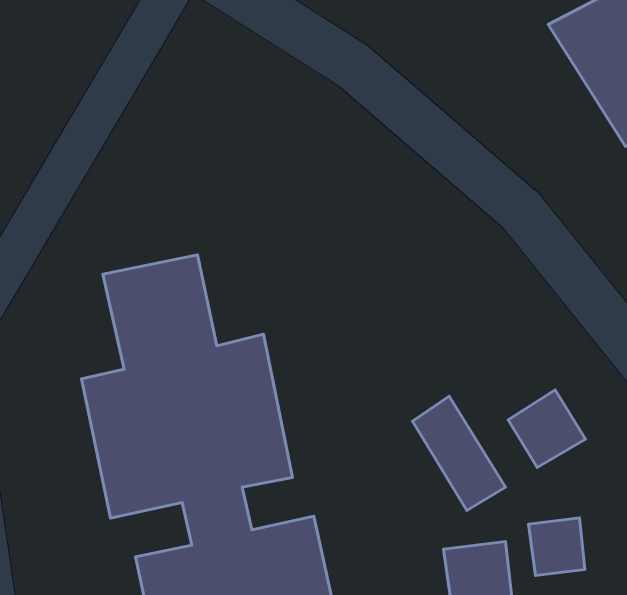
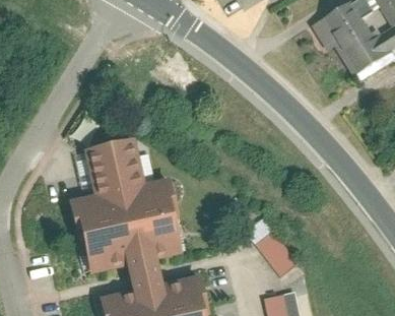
building: [508,390,585,467] -> none
building: [528,518,585,575] -> none

